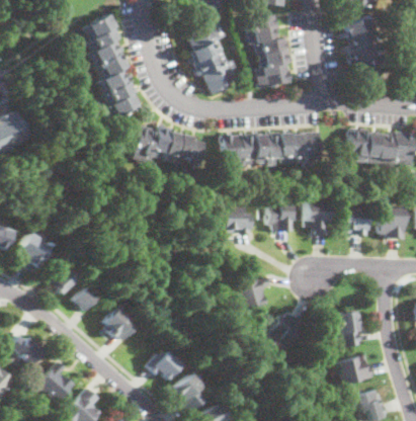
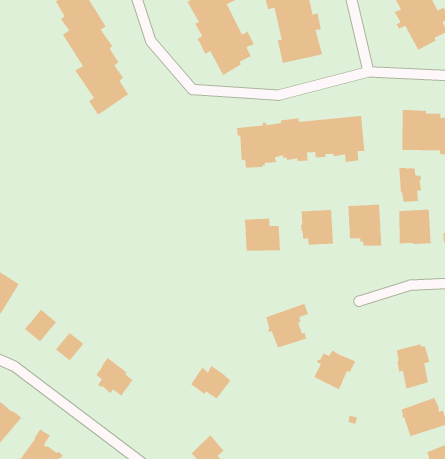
building: [135,123,205,167] -> none
building: none -> [398,167,422,202]
building: [147,351,179,378] -> [190,365,231,400]

